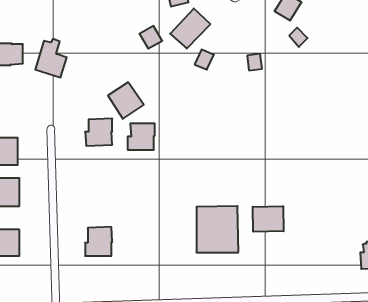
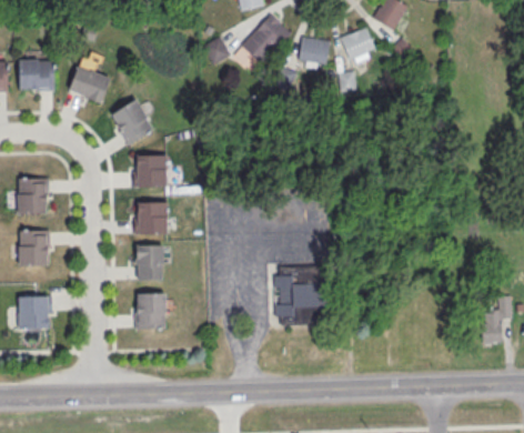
building: none -> [340,28,374,60]
building: none -> [298,37,329,66]
building: [108,82,144,119] -> [109,99,154,145]
building: [128,123,155,150] -> [133,202,168,235]
building: none -> [135,245,164,281]
building: [253,206,284,232] -> none

